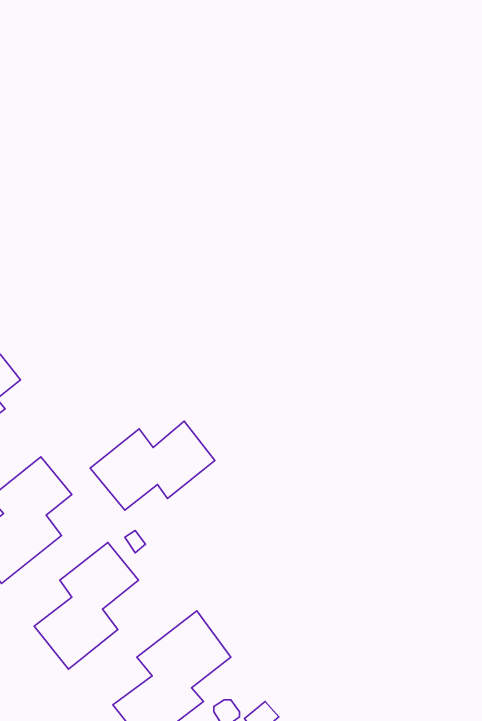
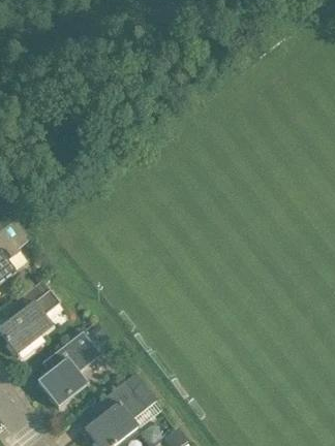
building: [90,421,215,510] -> none

